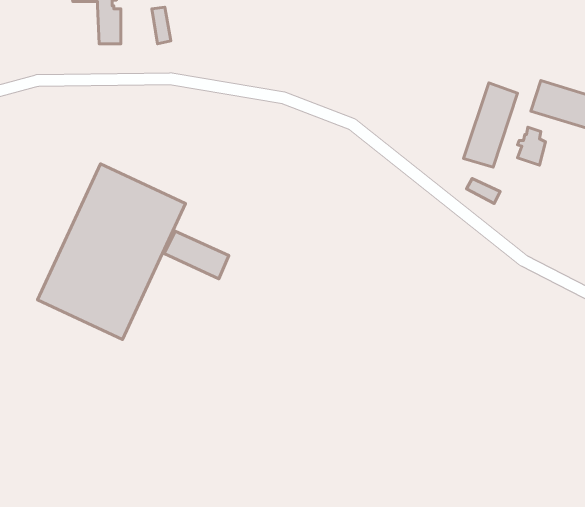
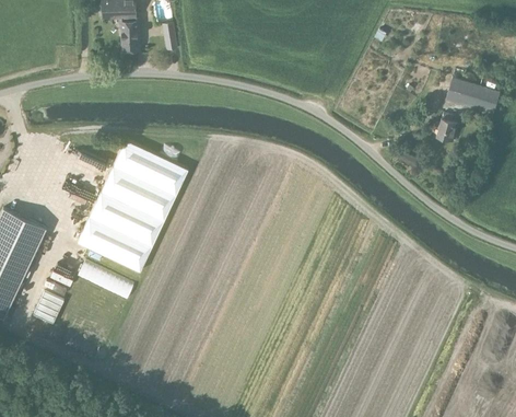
building: [464,83,517,167] -> none
building: [164,231,229,279] -> none

